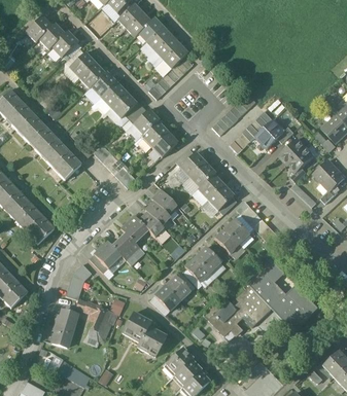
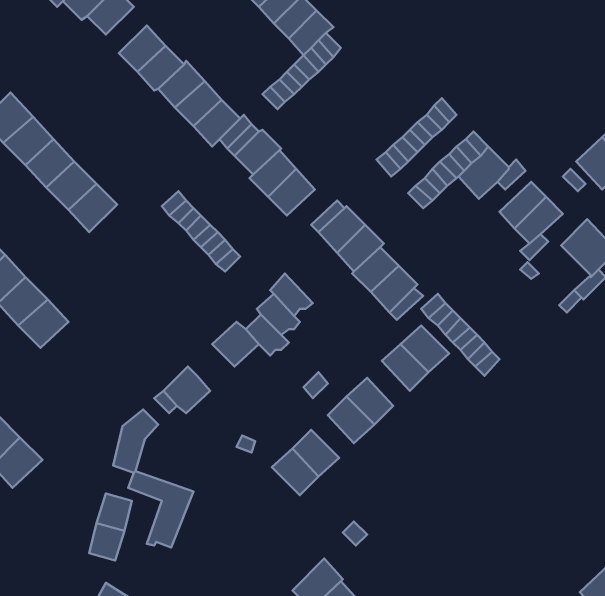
building: [53,151,80,179] -> none
building: [26,216,54,244] -> none
building: [112,233,144,260] -> none
building: [208,258,319,336] -> none
building: [122,313,166,355] -> none

